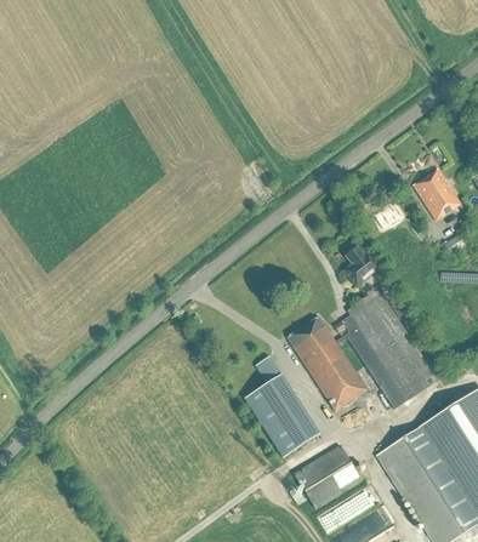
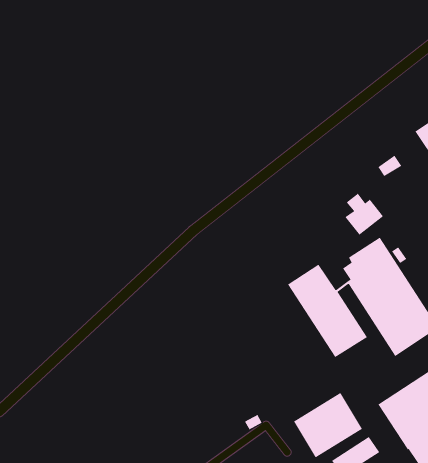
building: [244,355,319,456] -> none

